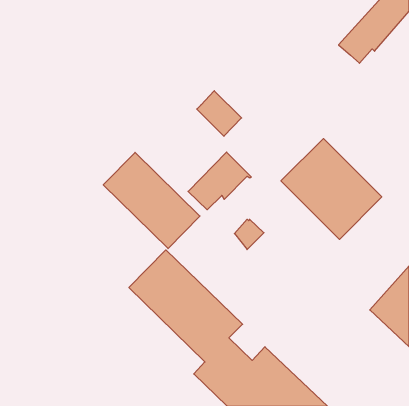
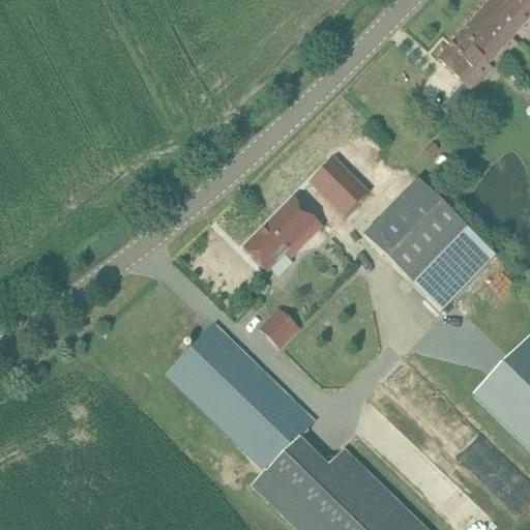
building: [197,91,242,136] -> [310,156,367,215]
building: [103,152,200,249] -> none
building: [234,219,264,250] -> [259,308,297,348]

